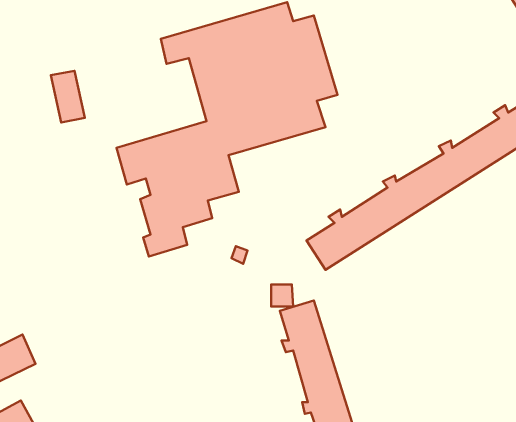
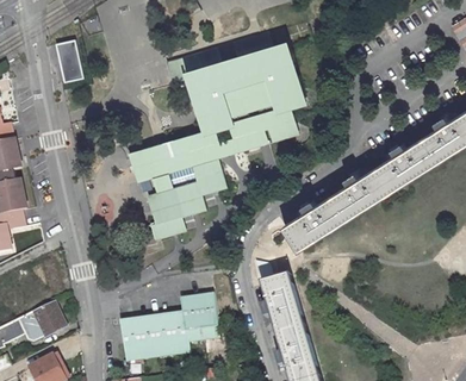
building: [51,71,85,122] -> [56,42,83,83]
building: none -> [112,298,209,361]

